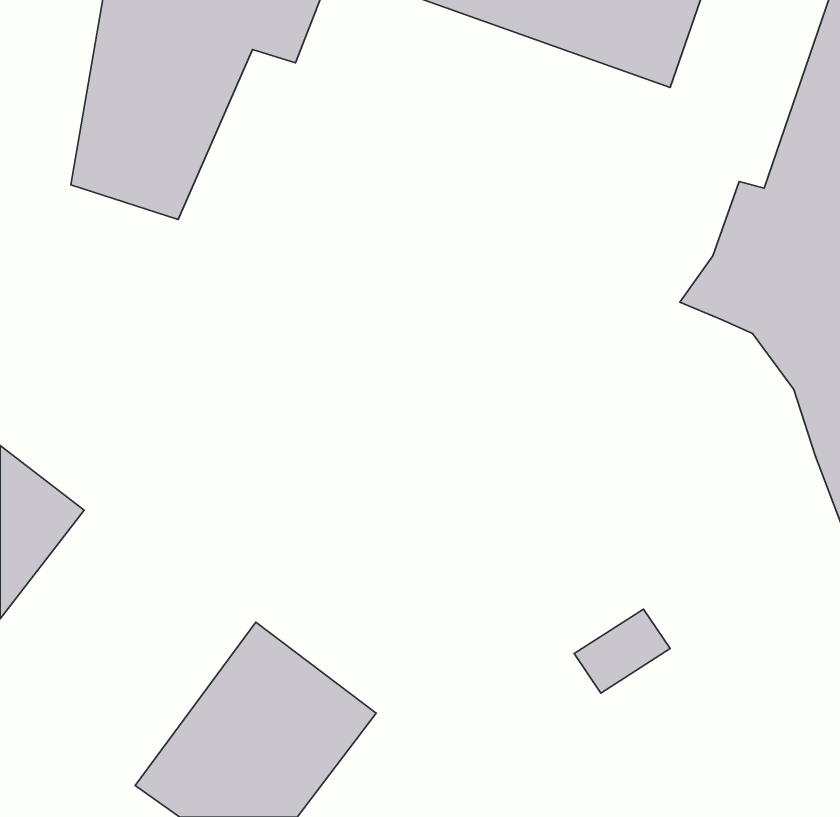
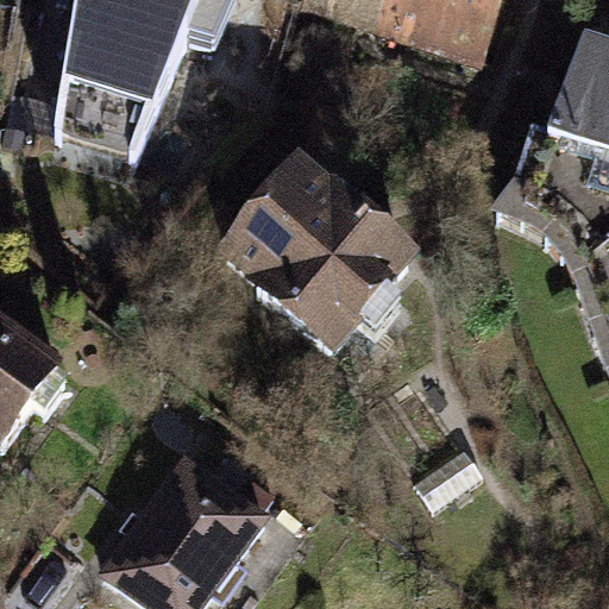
building: none -> [213,157,417,357]

